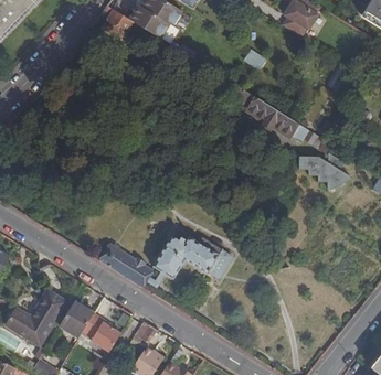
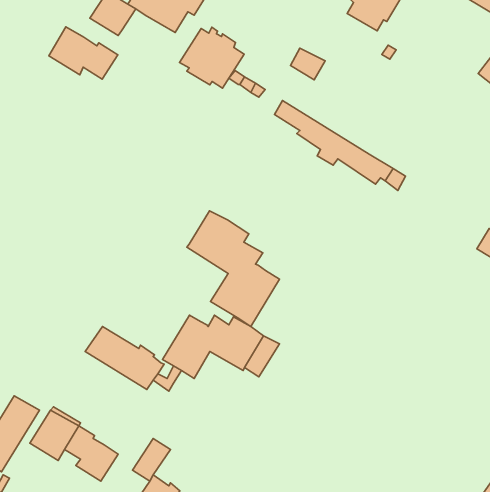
building: none -> [49,27,118,79]
building: none -> [179,27,244,88]
building: [297,151,351,191] -> none
building: none -> [187,211,279,326]

